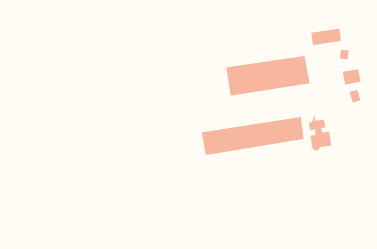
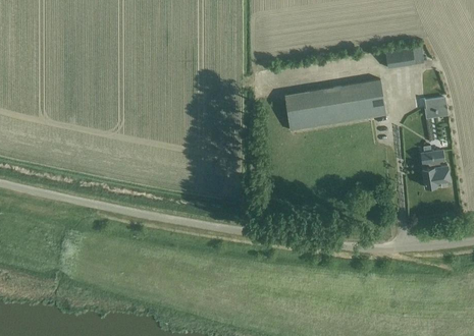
building: [308,116,332,151] -> [421,147,451,189]
building: [201,116,304,156] -> none

